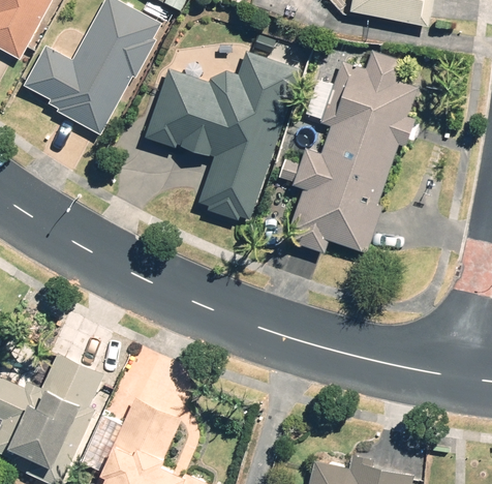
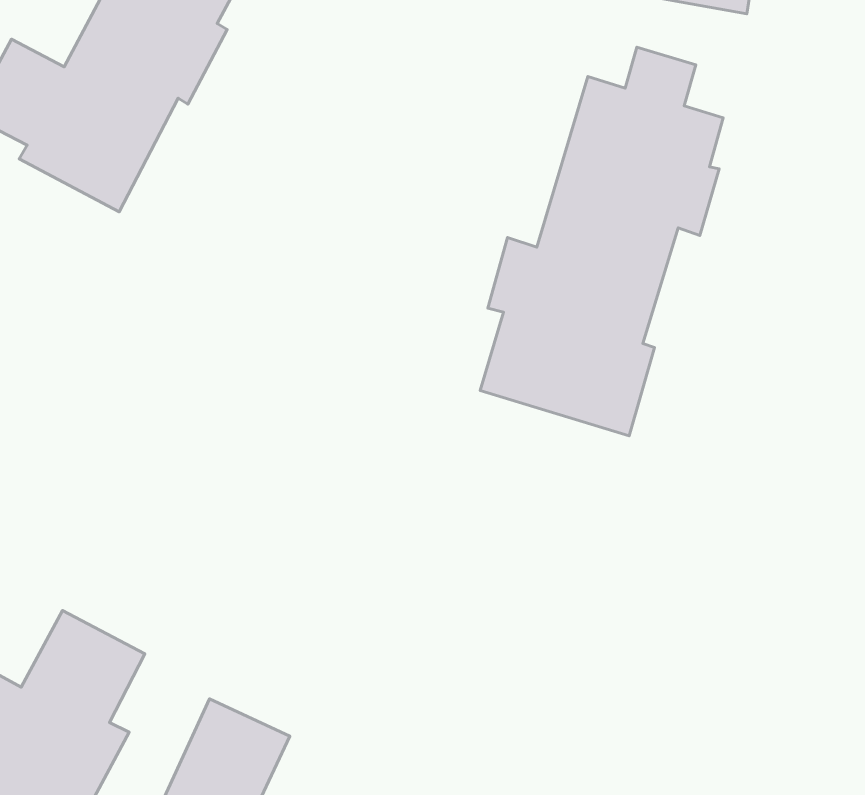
building: [139,51,298,222] -> none

